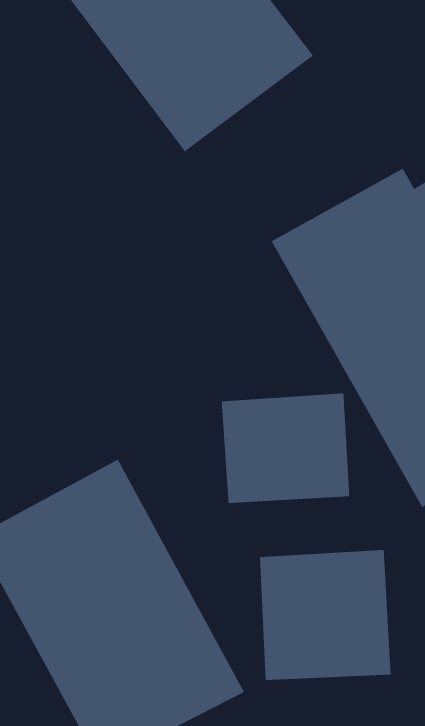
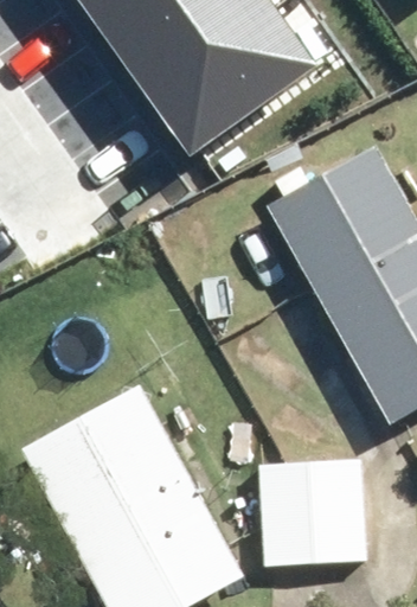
building: [221,393,350,504] -> none

